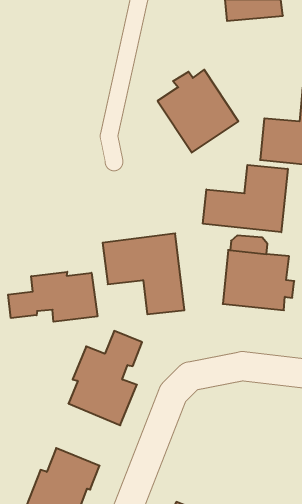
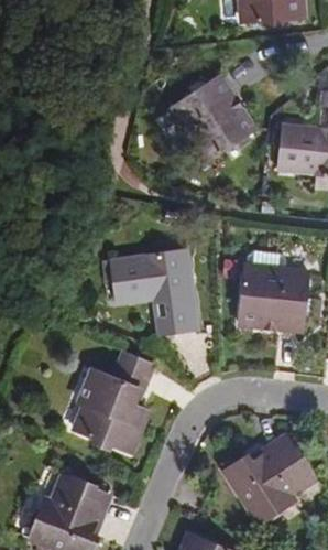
building: [203,165,288,232] -> none
building: [8,272,97,322] -> none
building: none -> [223,439,313,524]

